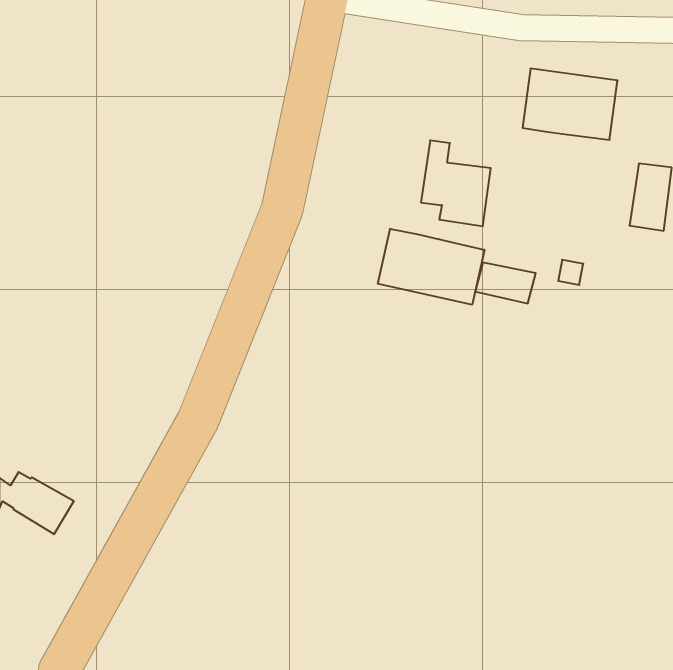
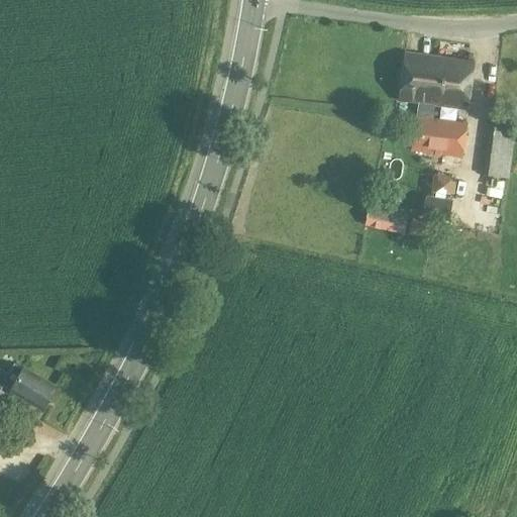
building: [421,140,491,226] -> [412,101,466,167]
building: [378,229,484,305] -> none

